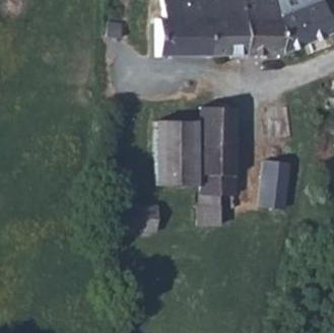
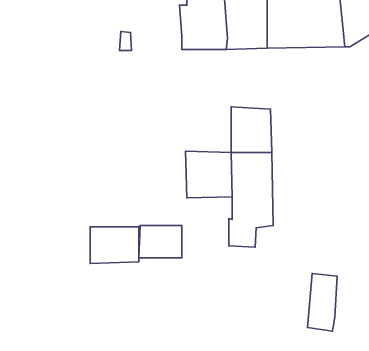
building: [157,119,197,143] -> none
building: [259,152,284,201] -> [307,274,337,331]
building: none -> [90,227,139,264]

